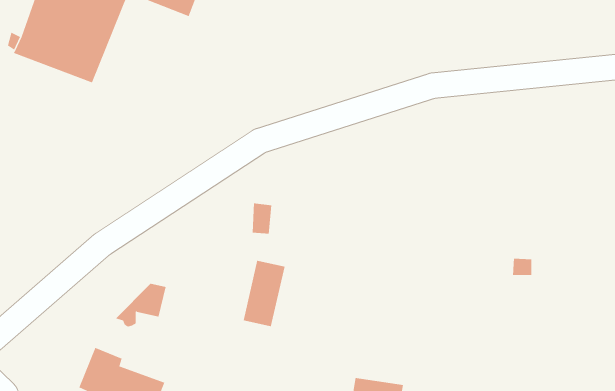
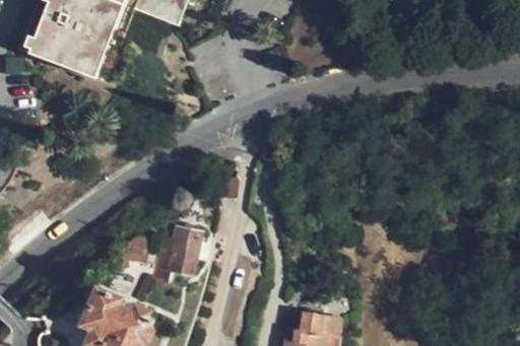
building: [243,260,285,327] -> [168,222,202,276]

